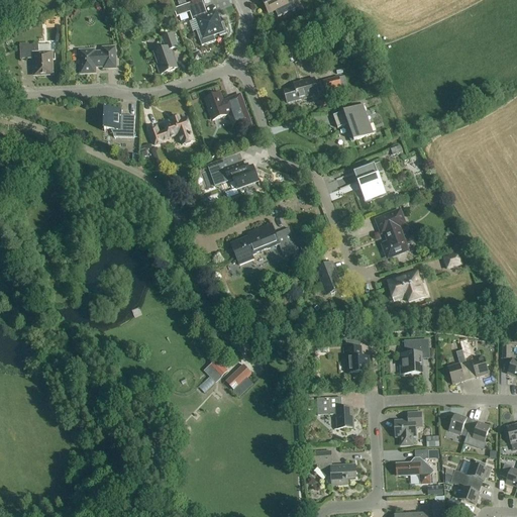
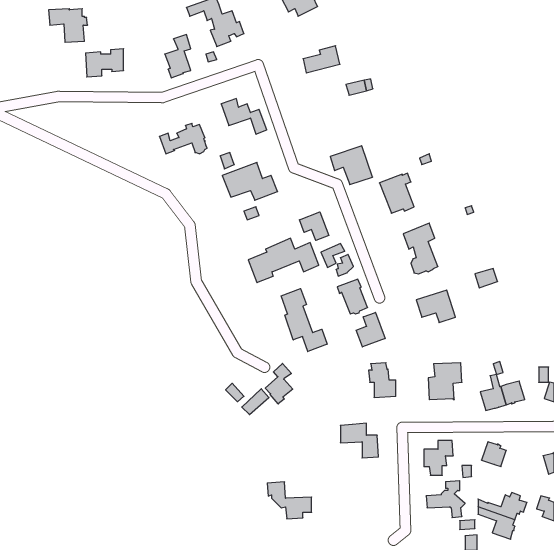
building: [19,42,56,74] -> [49,9,88,42]
building: [284,76,318,101] -> [303,46,340,73]
building: [333,103,373,139] -> [330,146,373,185]
building: [103,108,134,136] -> none
building: none -> [299,212,329,240]
building: none -> [281,289,327,352]
building: none -> [356,312,385,347]
building: none -> [265,363,293,404]
building: [463,420,490,448] -> none
building: [314,449,355,484] -> [267,482,312,519]

